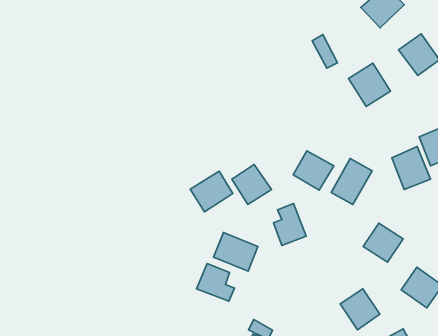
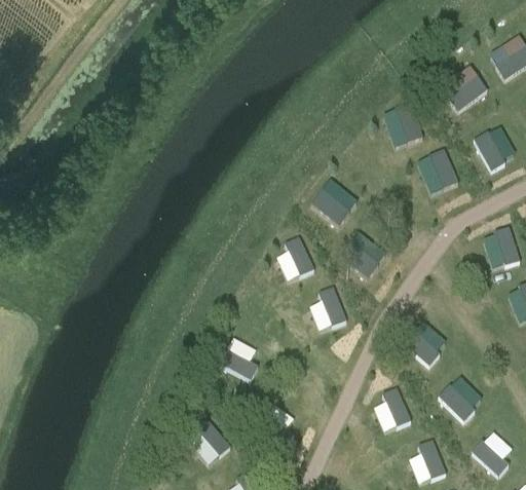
building: none -> [311,179,359,226]
building: [392,147,430,189] -> none
building: [331,159,372,205] -> none
building: [190,171,233,212] -> none
building: [214,232,258,271] -> none

